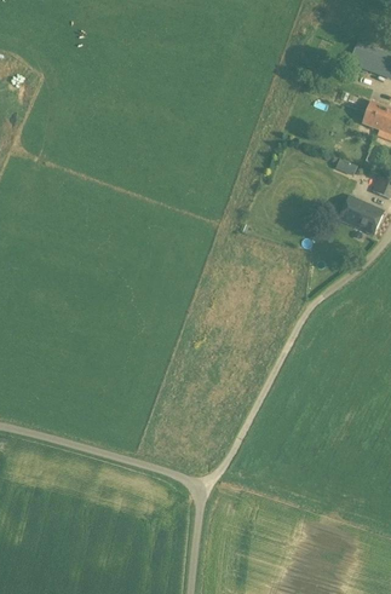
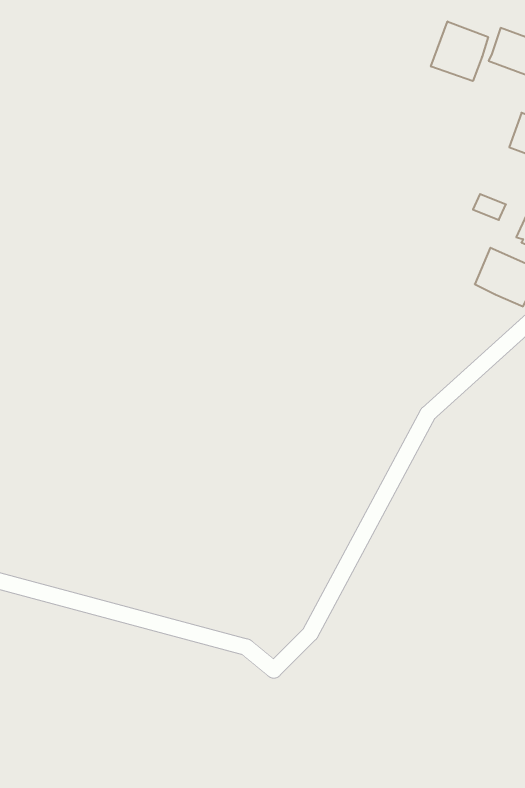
building: none -> [431,21,488,81]

